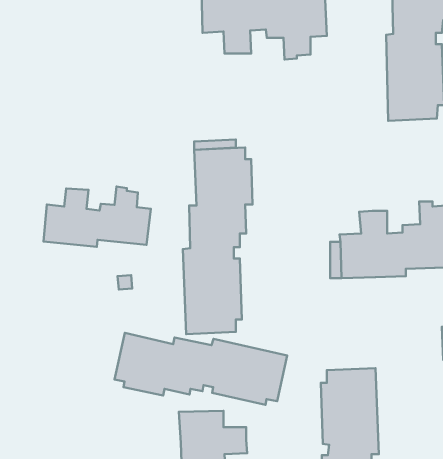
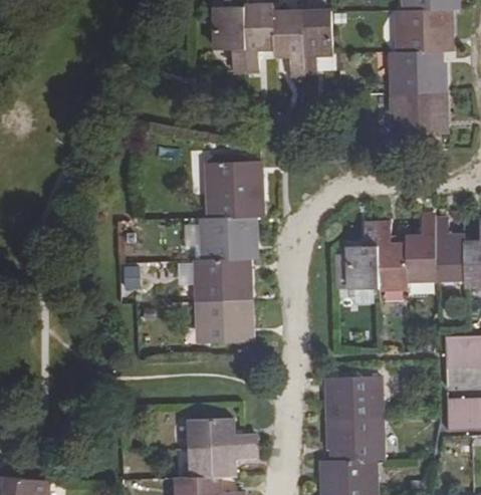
building: [44,187,151,247] -> none
building: [115,333,287,405] -> none

